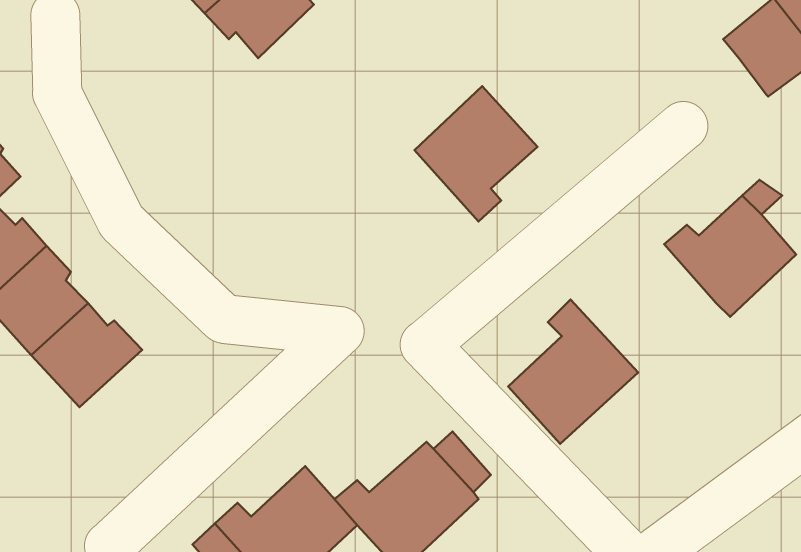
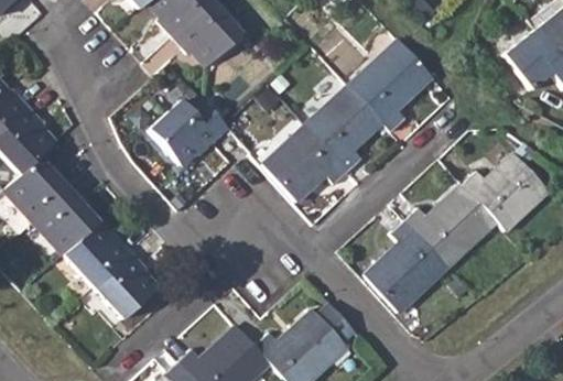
building: none -> [348,41,433,131]
building: none -> [148,100,228,166]
building: none -> [262,126,346,202]
building: none -> [404,185,497,266]
building: none -> [93,252,158,319]

